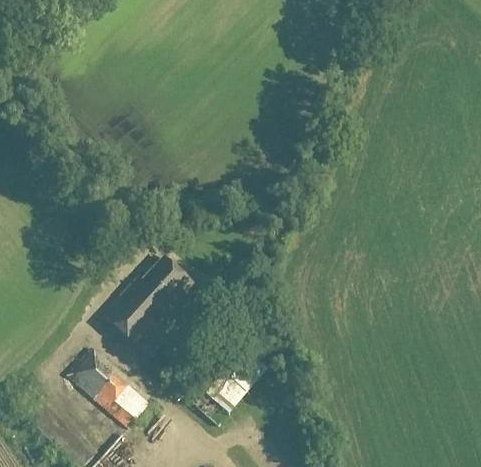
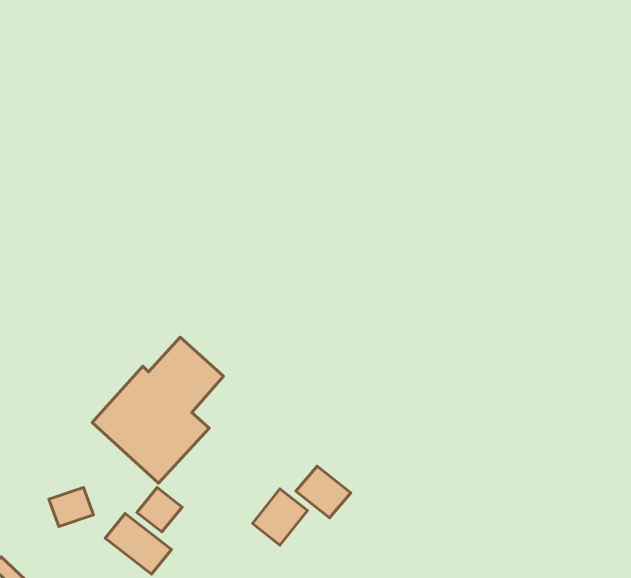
building: none -> [296,466,351,518]
building: none -> [137,488,182,532]

